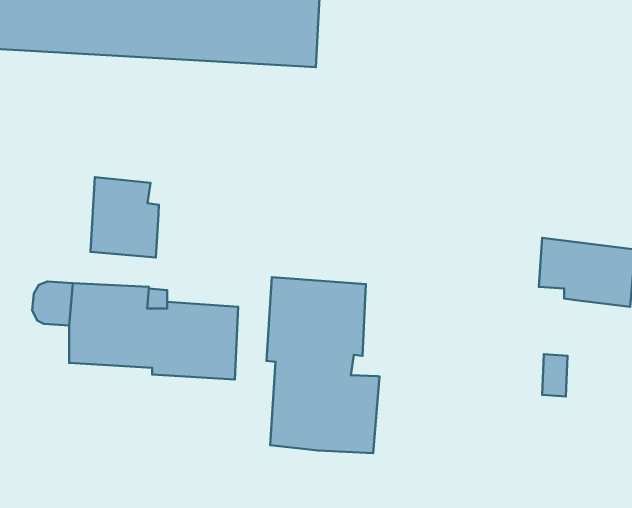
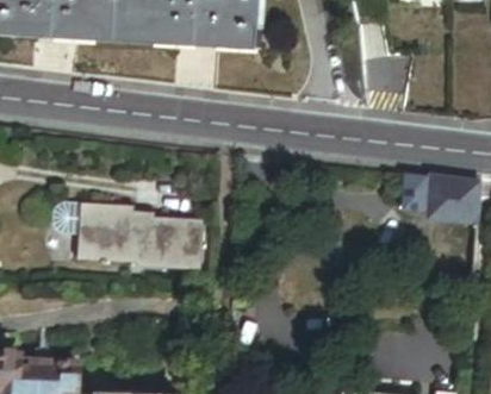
building: [90,177,159,258] -> none
building: [267,277,379,453] -> none

